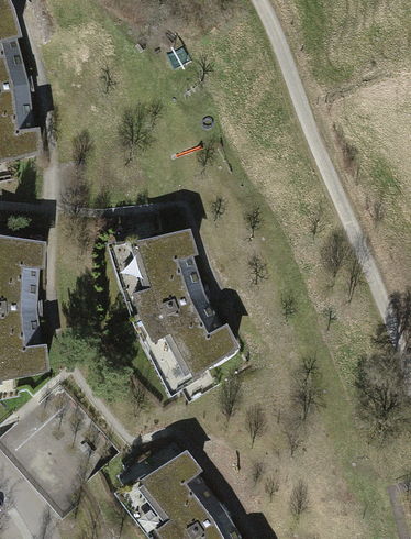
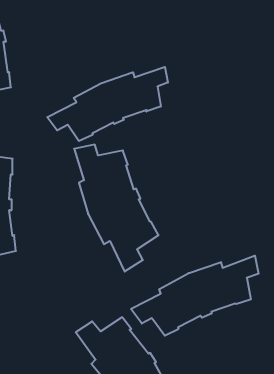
building: none -> [47,67,168,141]
building: none -> [131,256,259,336]

